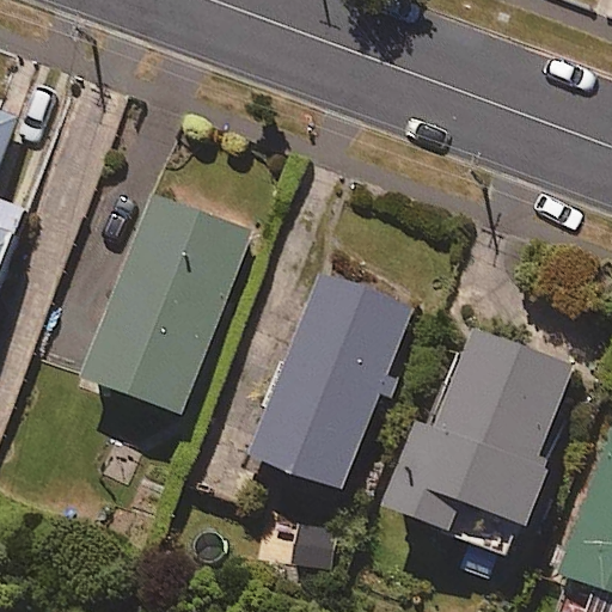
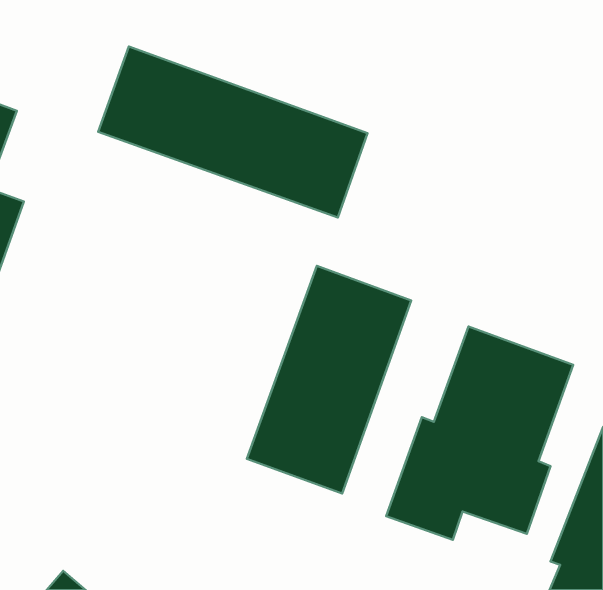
building: none -> [98,47,368,217]
building: [82,190,251,416] -> none

